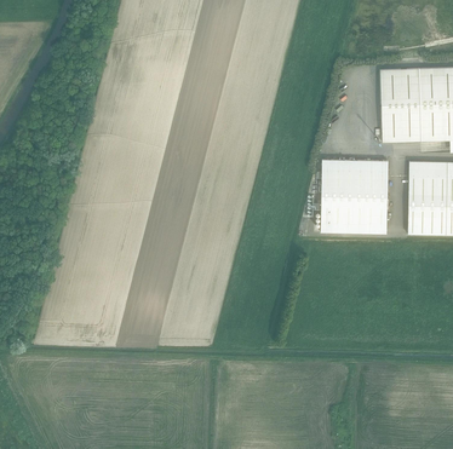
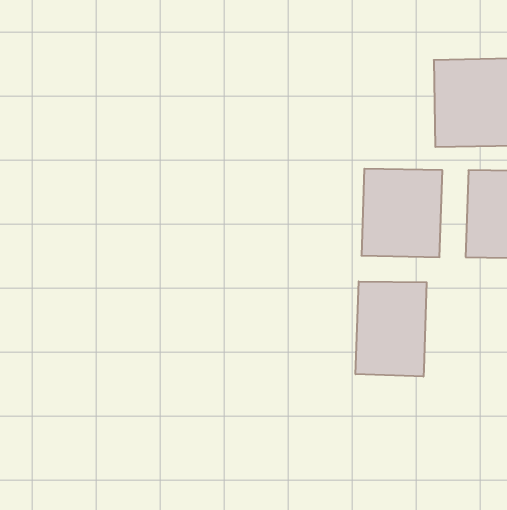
building: none -> [356,281,427,377]

